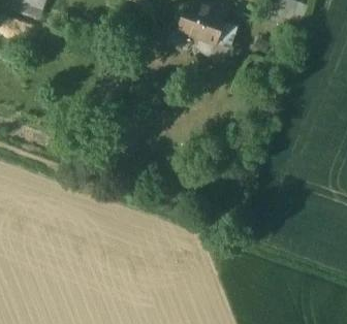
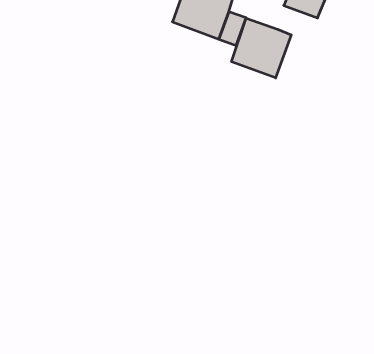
building: none -> [232,18,291,78]

